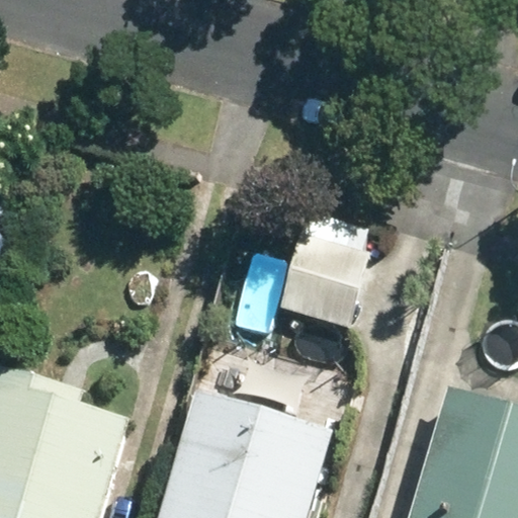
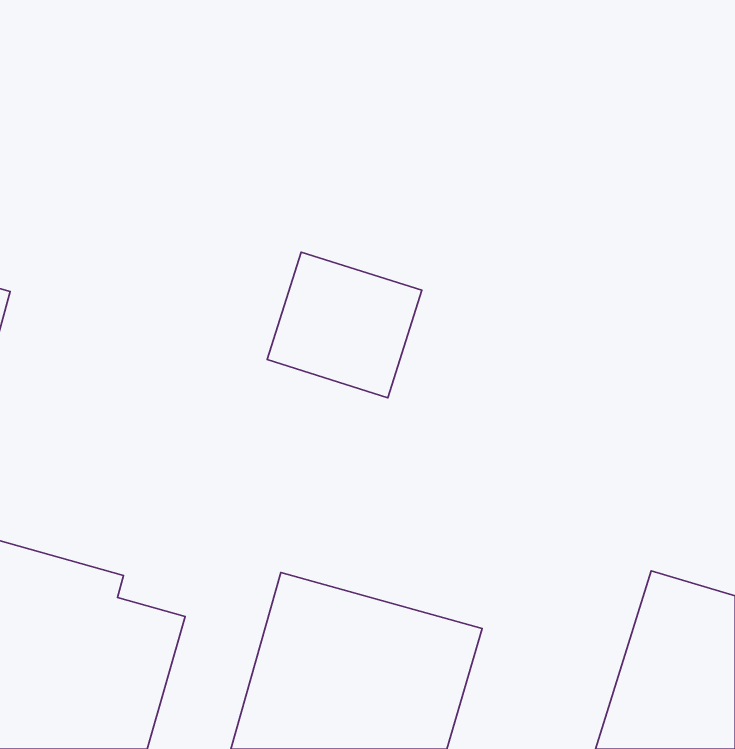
building: [278,235,384,335] -> [267,252,422,398]

